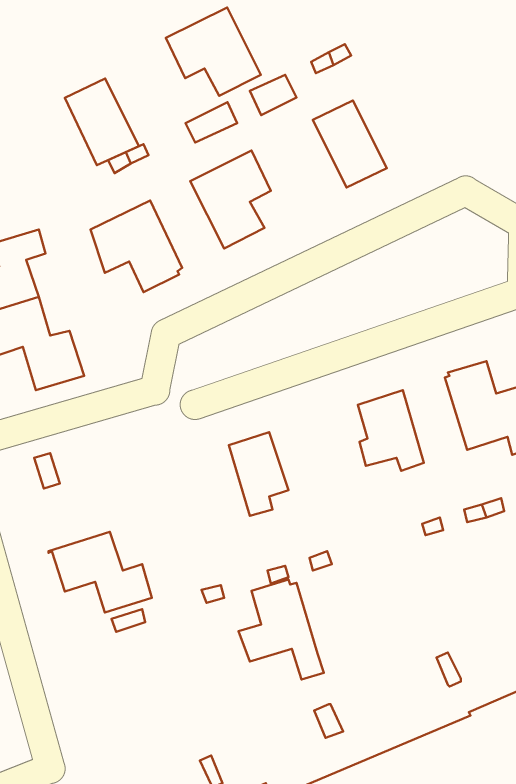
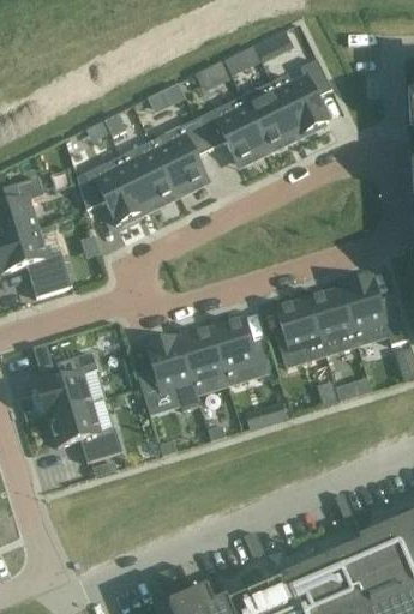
building: [166,7,261,96] -> [196,98,266,164]
building: none -> [271,62,331,136]
building: [65,78,139,165] -> [120,144,175,209]
building: none -> [308,290,356,354]
building: none -> [209,320,263,385]
building: none -> [35,355,96,420]
building: [239,580,324,679] -> [136,338,199,413]

